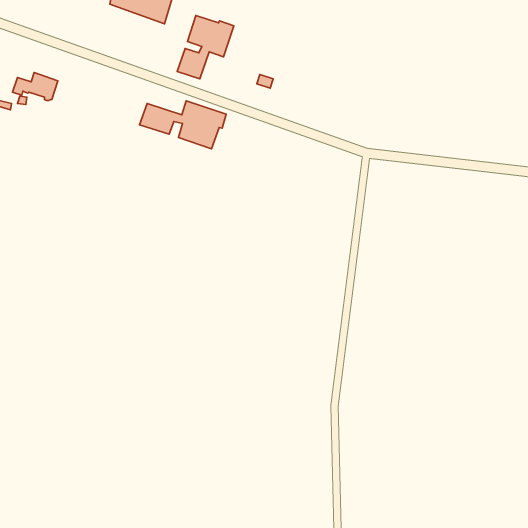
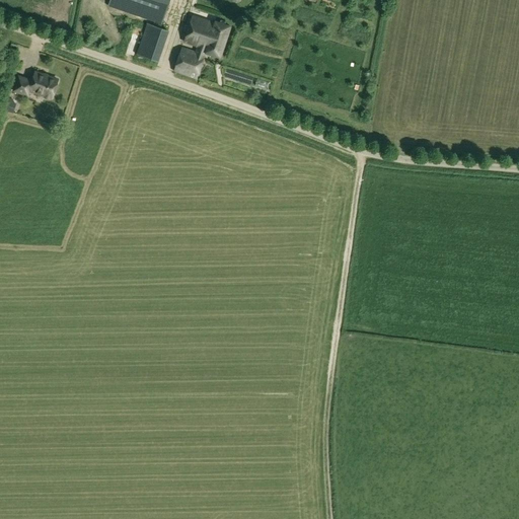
building: none -> [137,23,166,65]
building: [139,101,226,149] -> none

